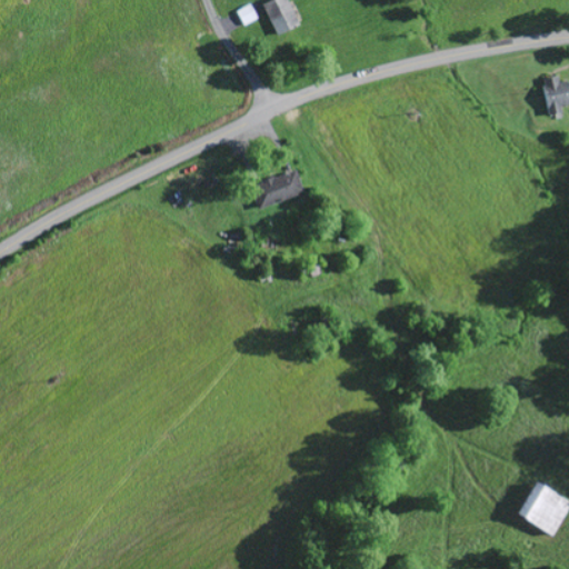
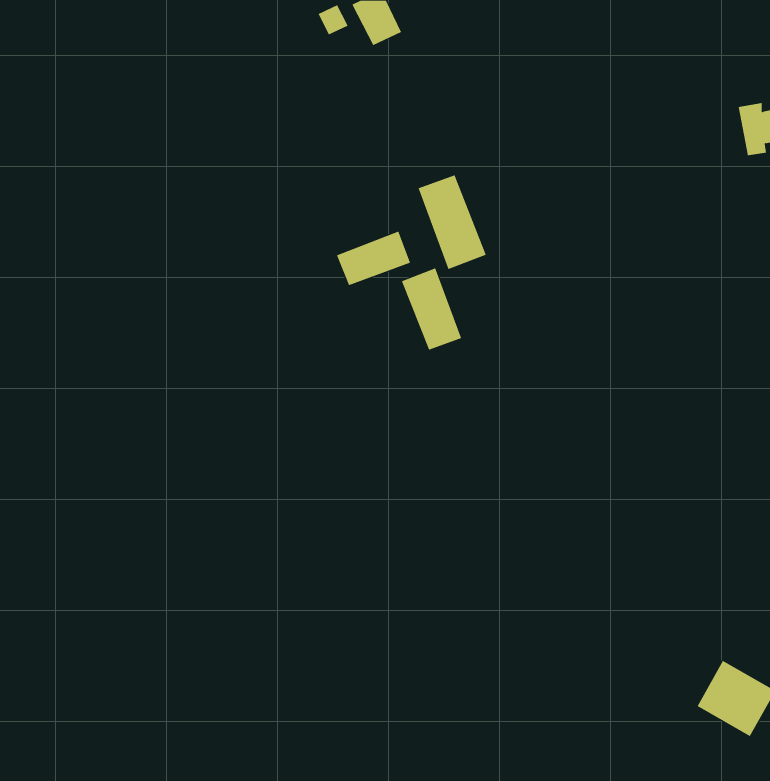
building: none -> [418,174,487,270]
building: none -> [401,268,462,350]

